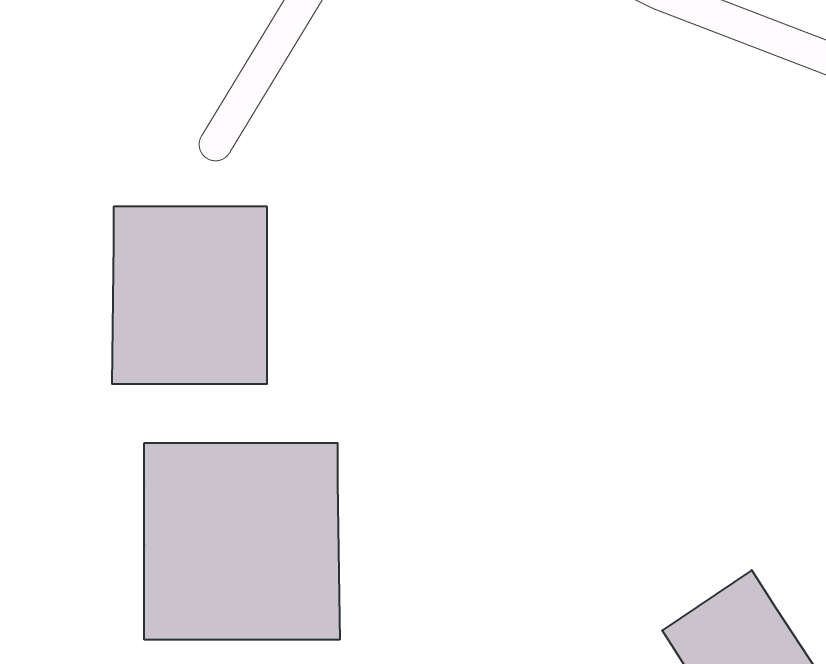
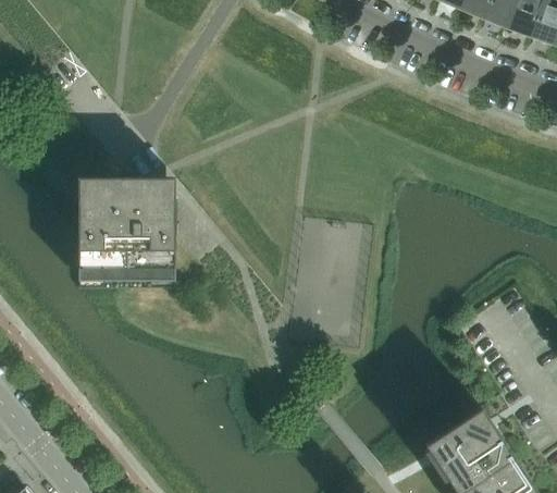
building: [144,443,340,640] -> none

